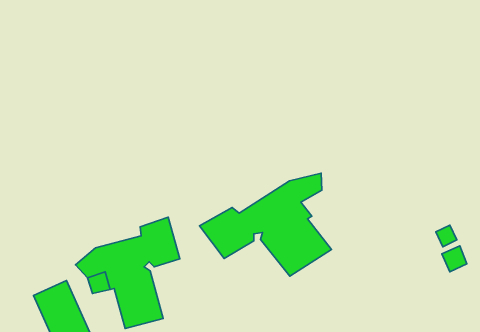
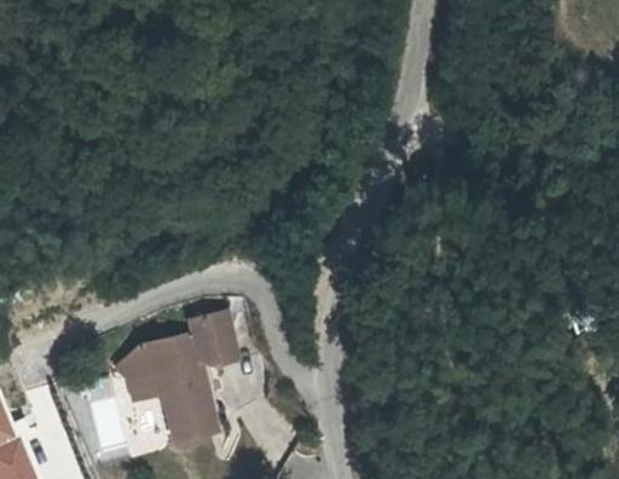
building: [199,173,331,276] -> none

